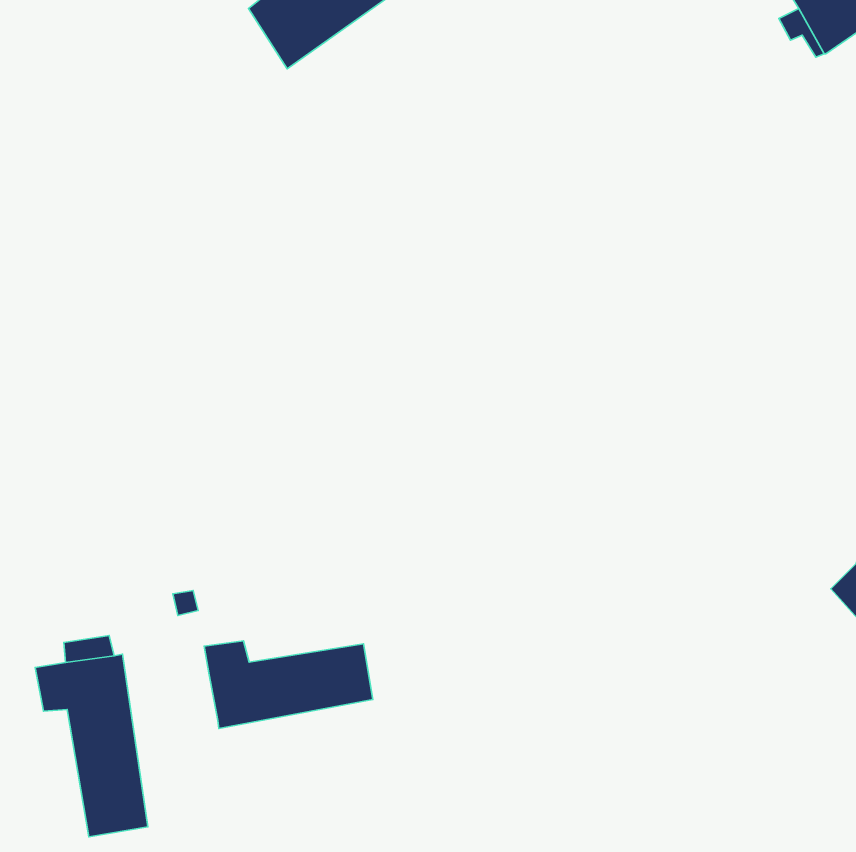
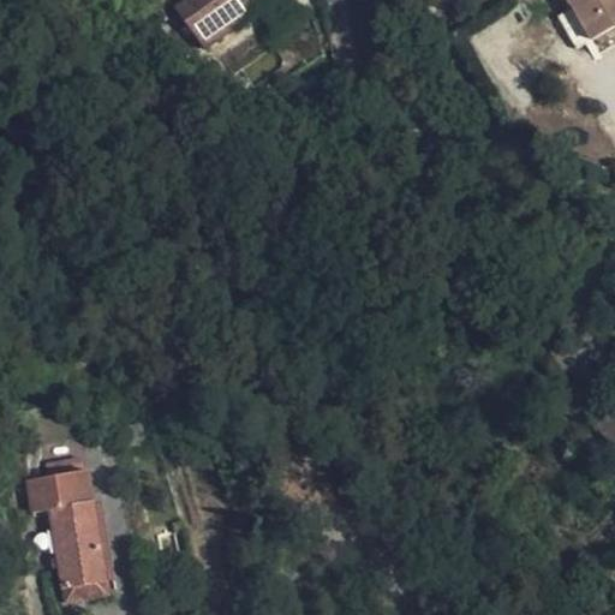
building: [204,641,373,729] -> none

